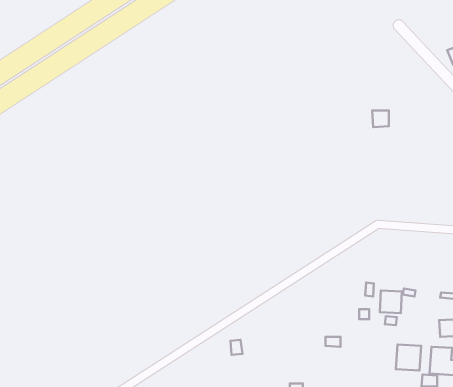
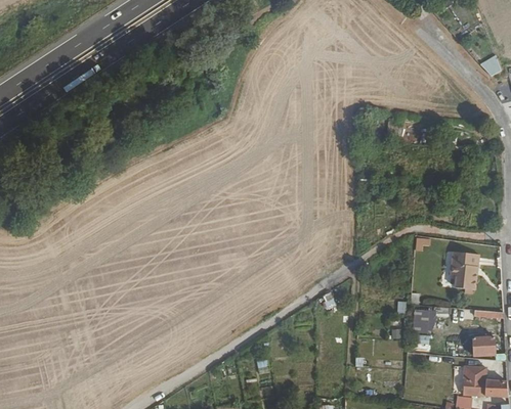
building: none -> [450,252,478,293]
building: [396,344,421,371] -> none

